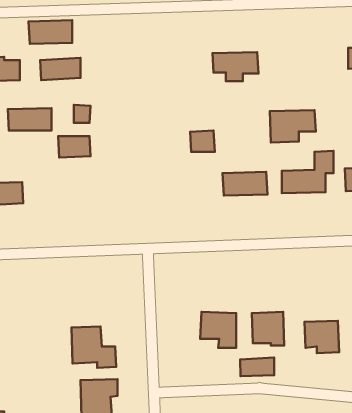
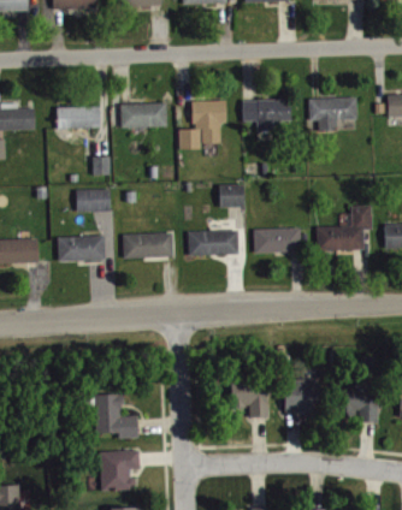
building: [29,20,72,44] -> [120,102,167,127]
building: none -> [178,100,227,149]
building: [8,108,51,131] -> [58,236,105,260]
building: [270,110,316,143] -> [308,96,357,131]
building: none -> [188,230,240,255]
building: none -> [123,232,173,257]
building: [240,357,274,376] -> none

